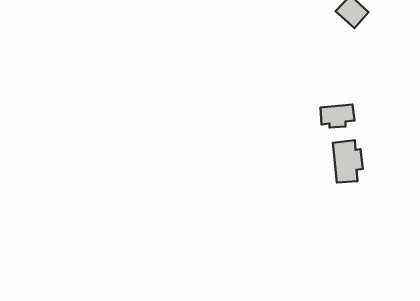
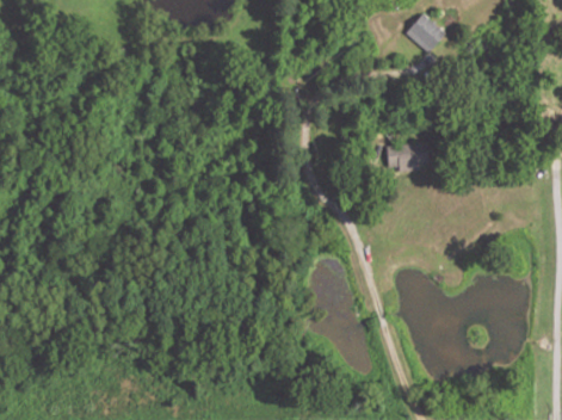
building: [333,140,363,182] -> none

